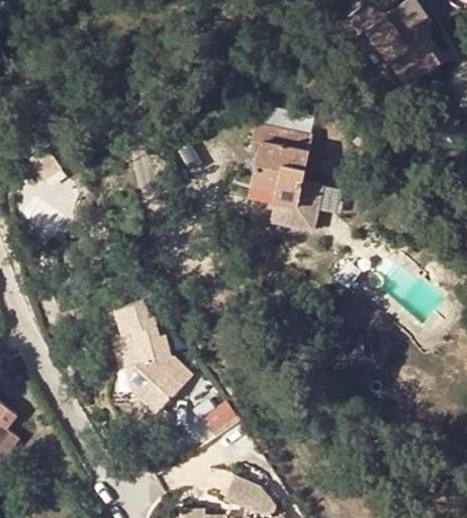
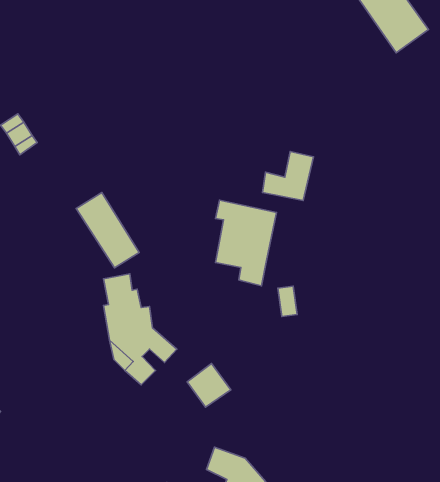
building: [254,121,314,206] -> [215,200,277,286]
building: none -> [76,193,139,268]

